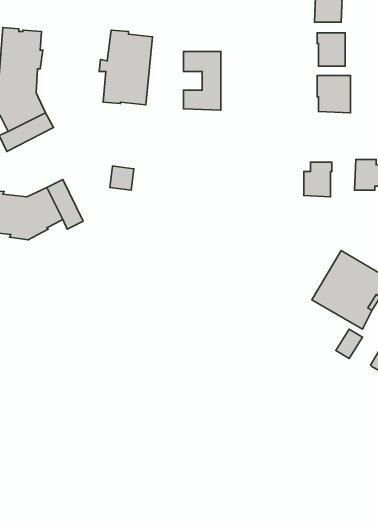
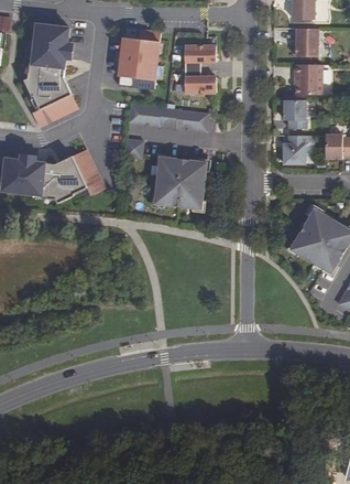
building: none -> [283,99,306,129]
building: none -> [128,104,208,131]
building: none -> [154,157,207,209]

